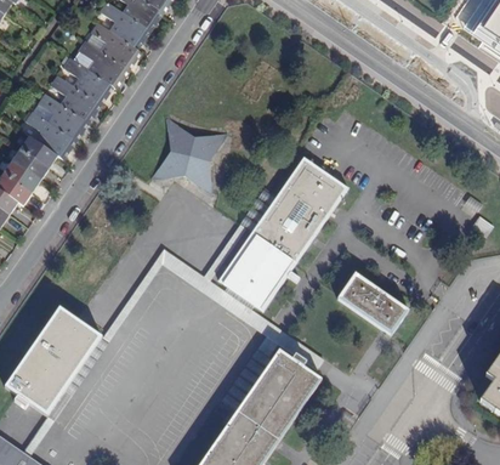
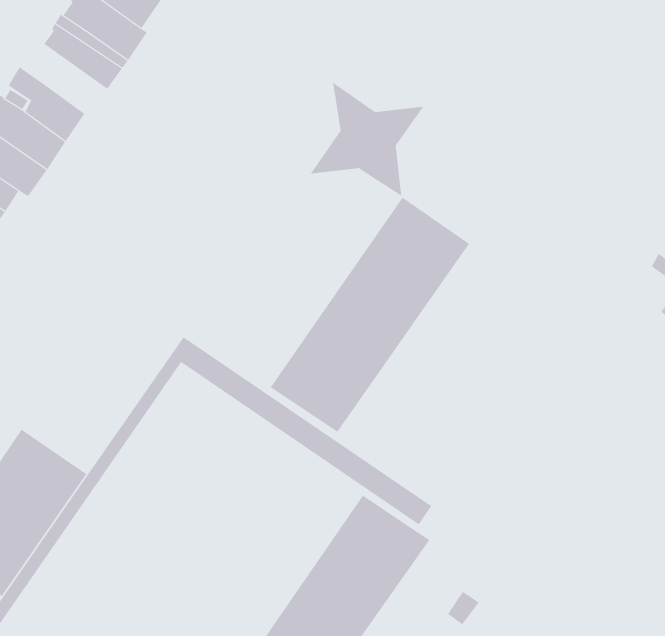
building: [62,57,112,104] -> none
building: [152,118,226,192] -> [310,82,425,197]
building: [337,273,408,334] -> none

